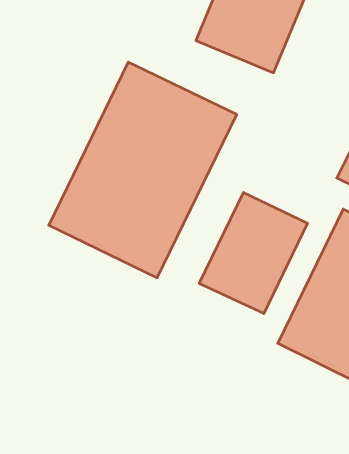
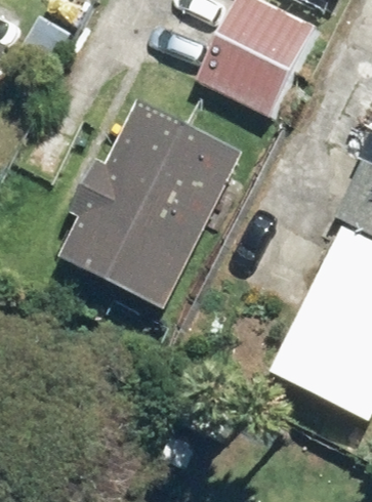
building: [199,192,307,314] -> none

